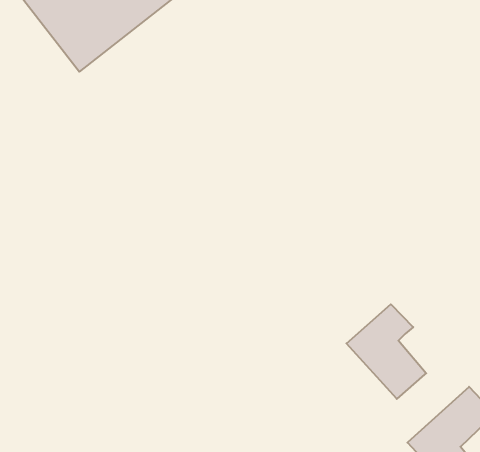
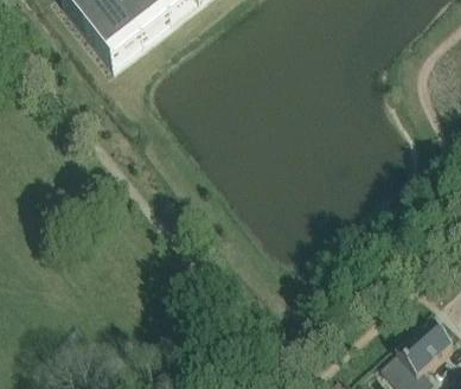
building: [346,304,426,399] -> none

